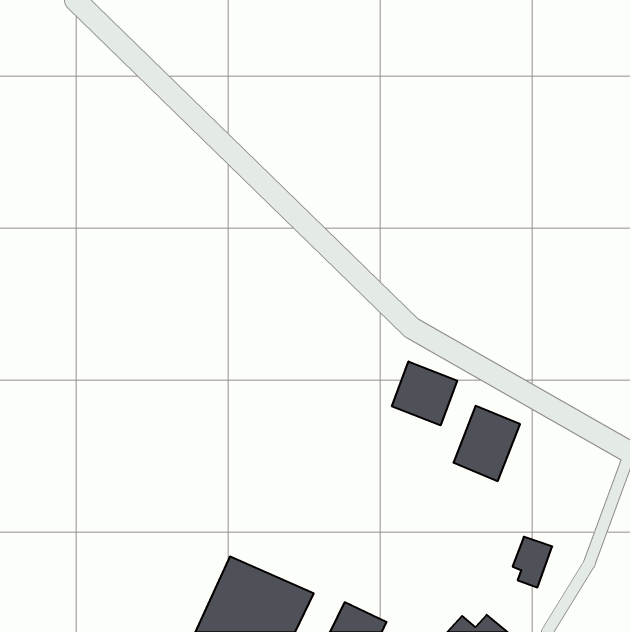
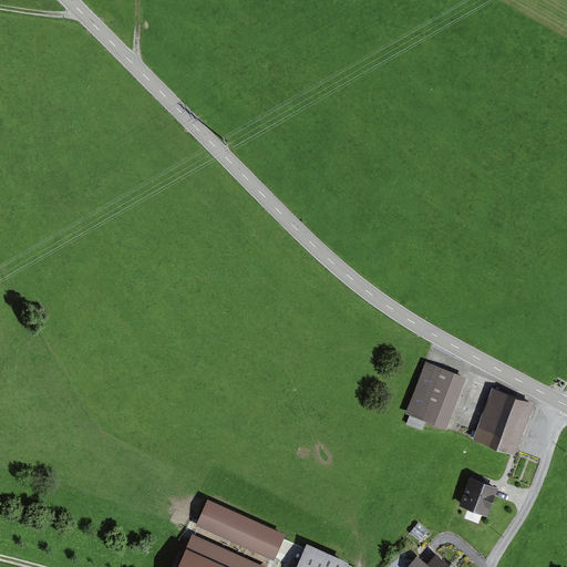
building: [392,361,457,425] -> none
building: none -> [473,390,534,456]

